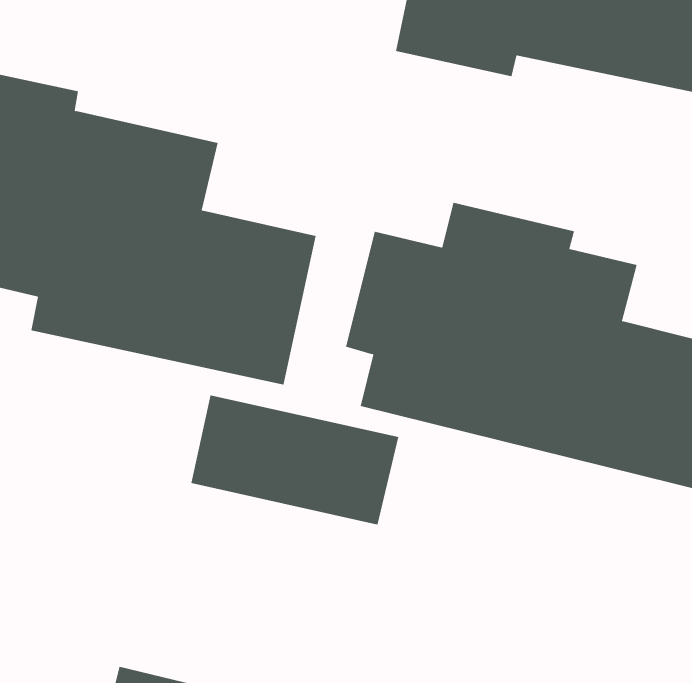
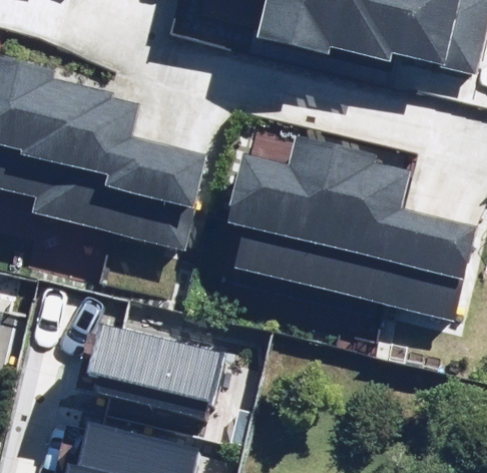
building: [190,395,399,525] -> [92,326,222,407]

